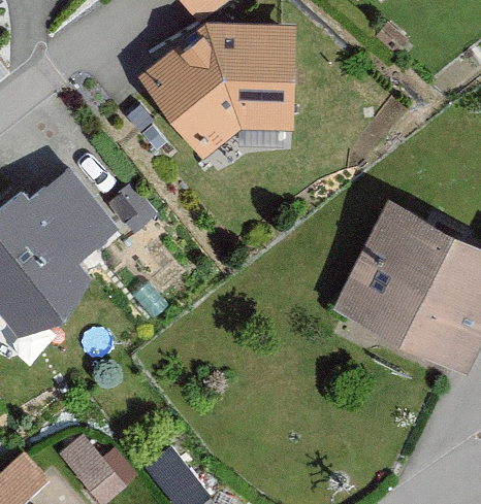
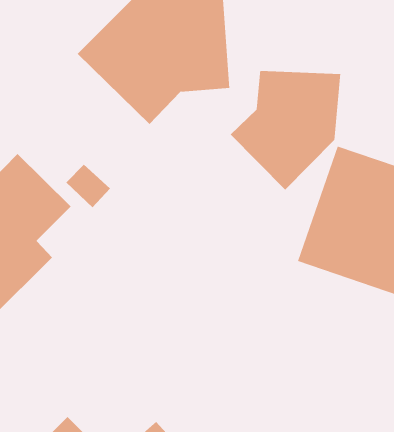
building: none -> [230,70,341,190]

